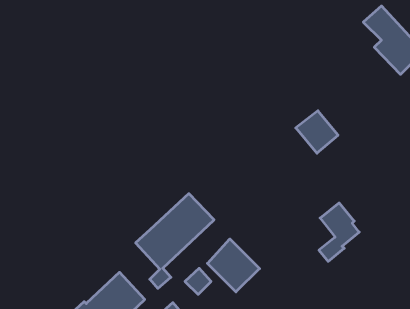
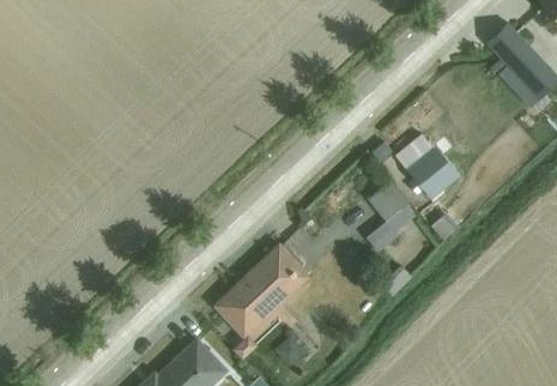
building: [319,203,359,261] -> [367,180,414,249]
building: [207,239,260,292] -> none

